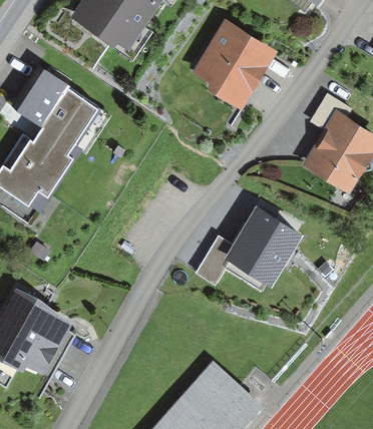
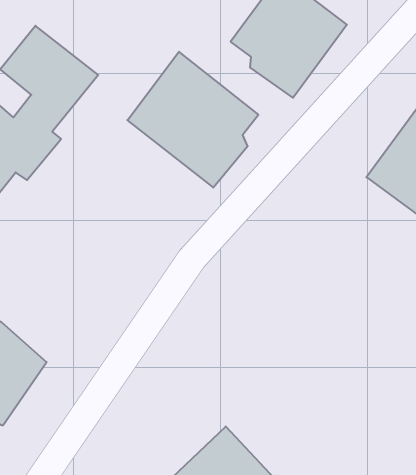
building: none -> [127,52,258,188]
building: [195,207,305,291] -> none

